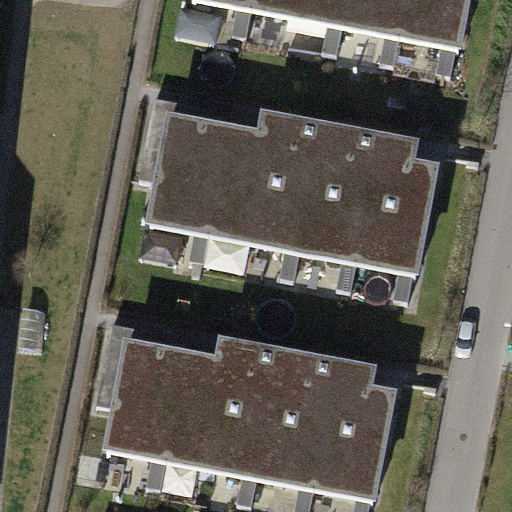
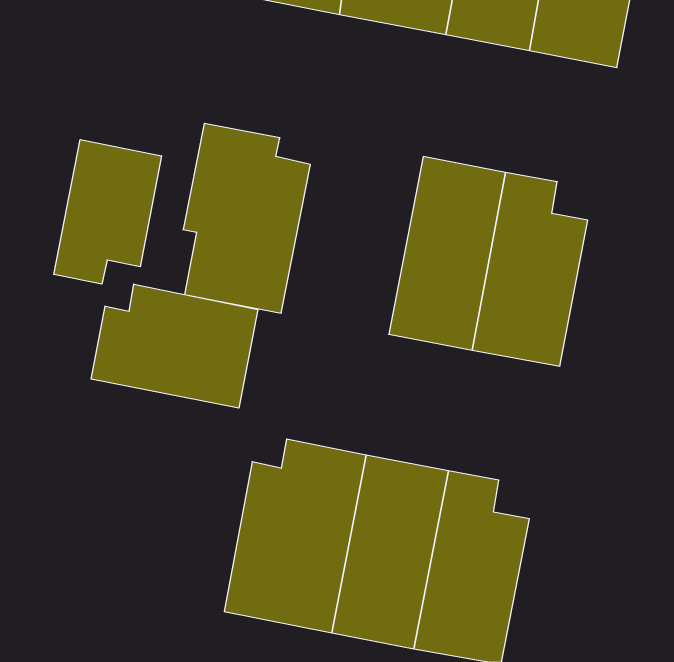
building: none -> [54,140,161,284]
building: [212,106,319,252] -> none
building: none -> [91,284,258,408]
building: [94,321,190,461] -> none

